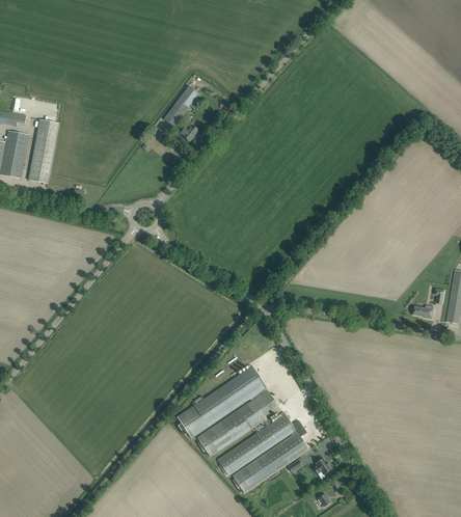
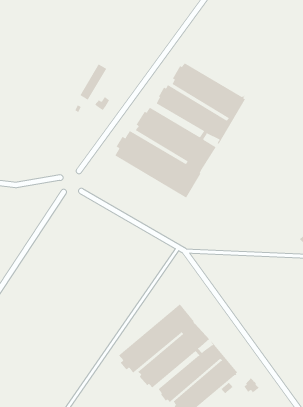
building: none -> [114,62,246,198]

